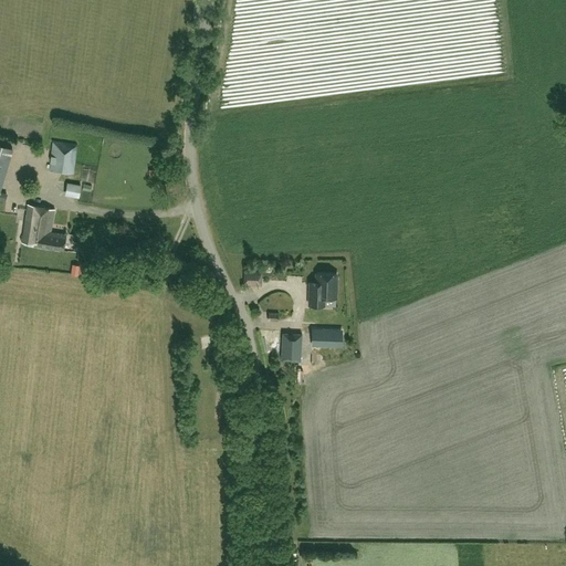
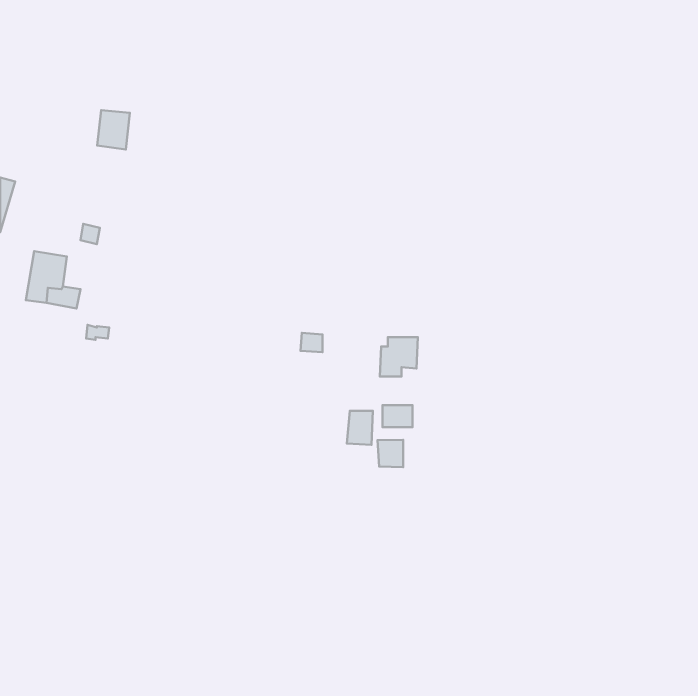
building: [50,142,76,174] -> [97,110,130,150]
building: none -> [378,440,403,467]

